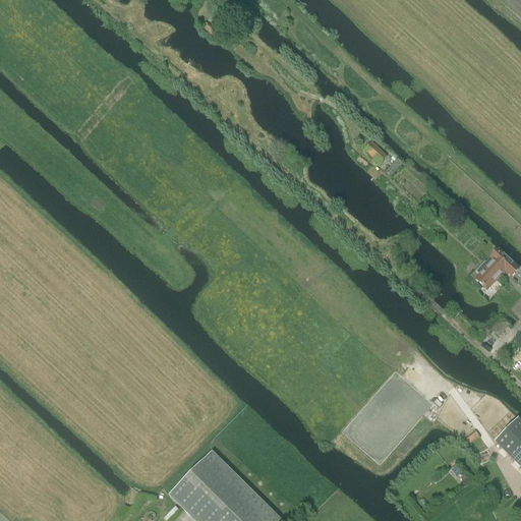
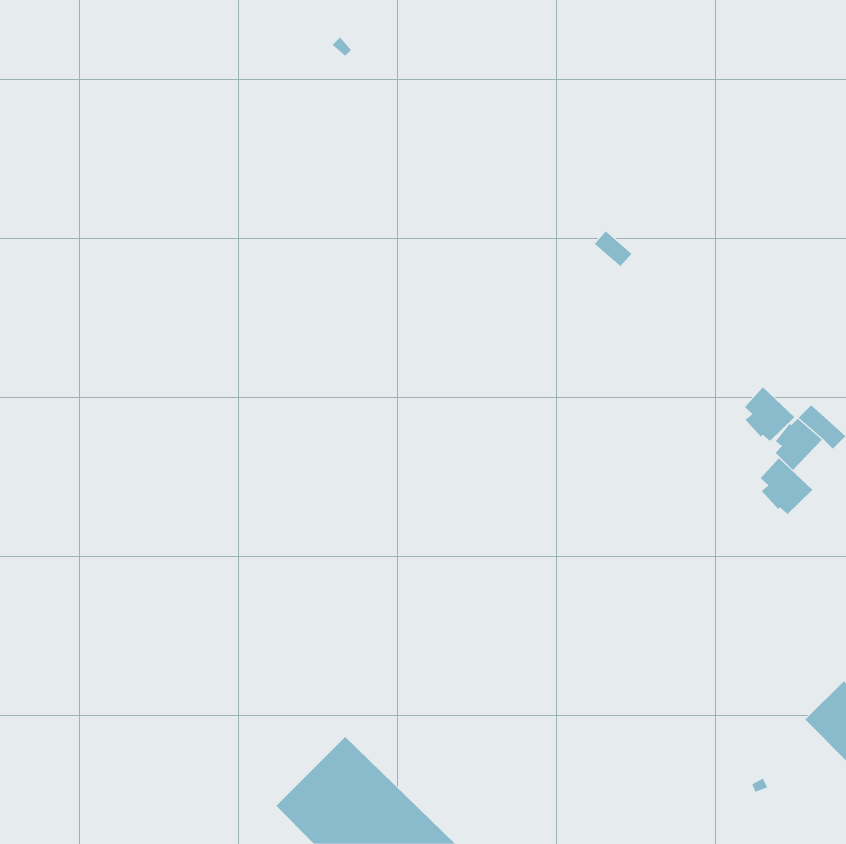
building: none -> [744,387,795,442]
building: none -> [760,457,813,515]

